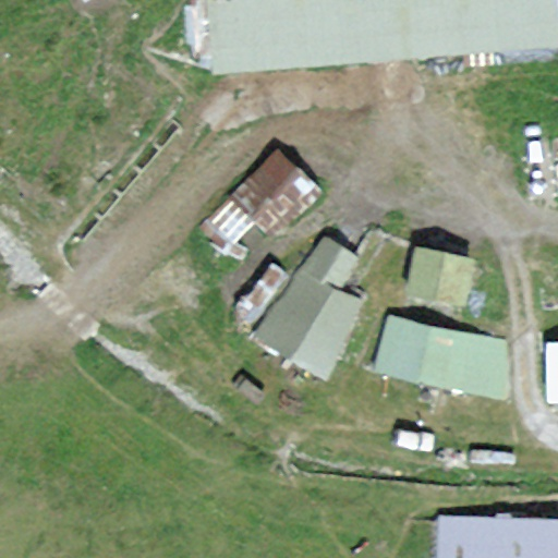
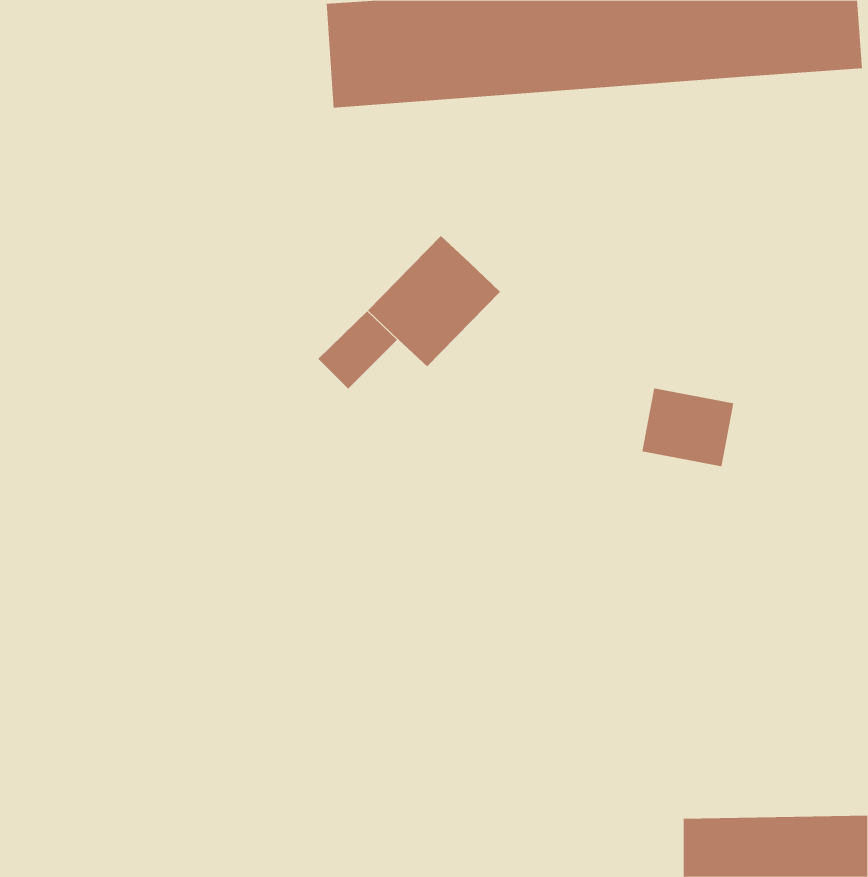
building: [264,235,359,364] -> none
building: [378,320,498,393] -> none

